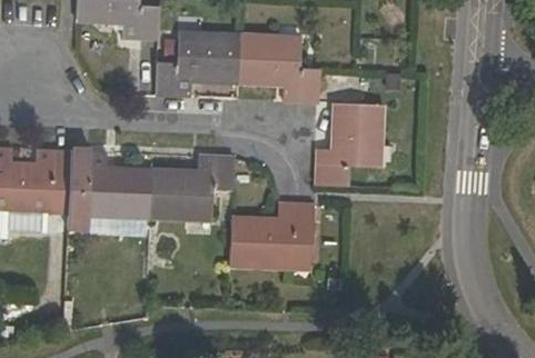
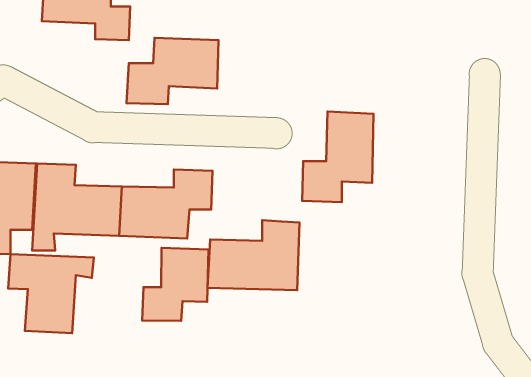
building: [237,38,318,101] -> none
building: none -> [142,248,209,321]
building: none -> [8,254,94,333]

